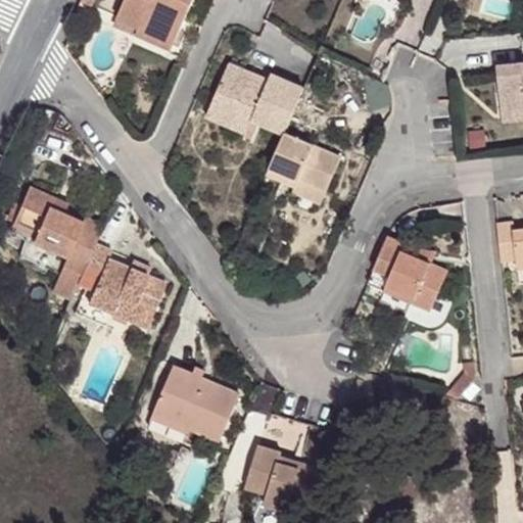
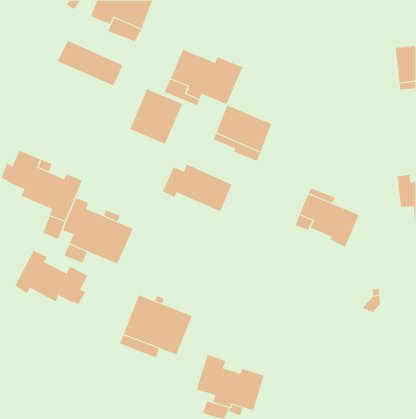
building: none -> [57,40,123,86]
building: none -> [129,88,183,144]
building: none -> [162,164,232,212]
building: none -> [14,250,88,305]

